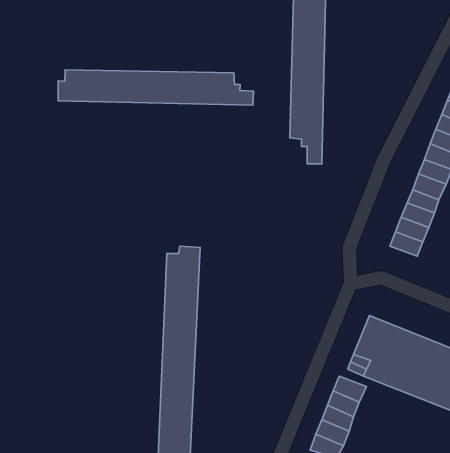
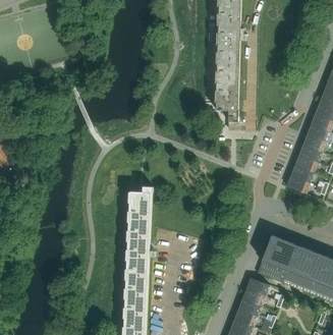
building: [58,70,253,105] -> none

